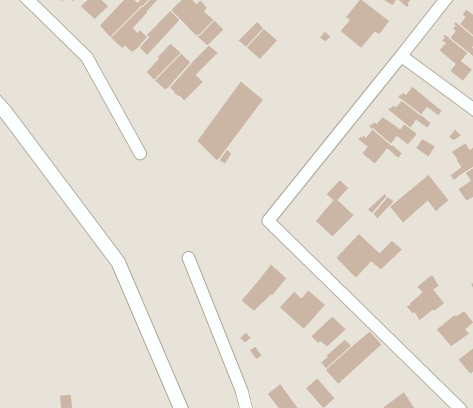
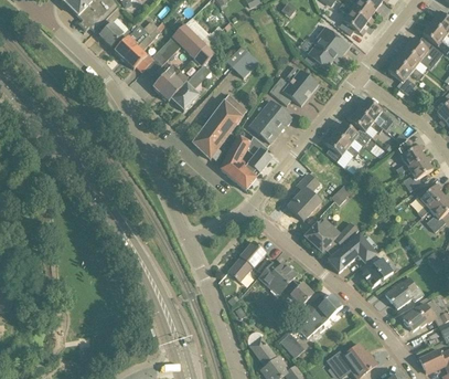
building: none -> [269,65,318,105]
building: none -> [249,99,291,141]
building: none -> [221,136,271,189]
building: [389,174,450,223] -> [328,232,376,272]

